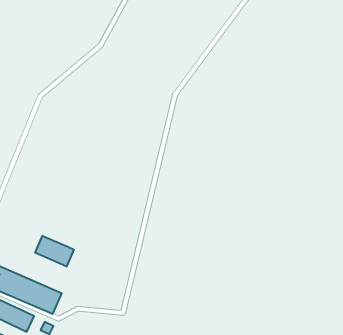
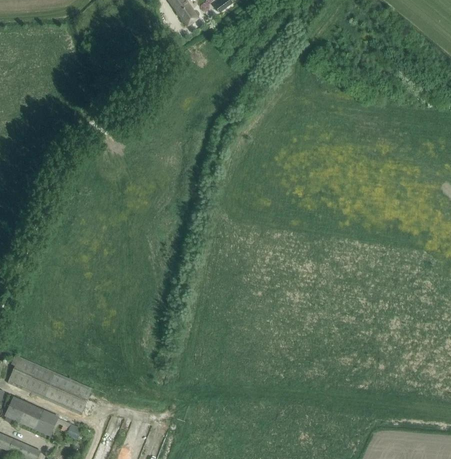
building: [35,236,74,267] -> none

